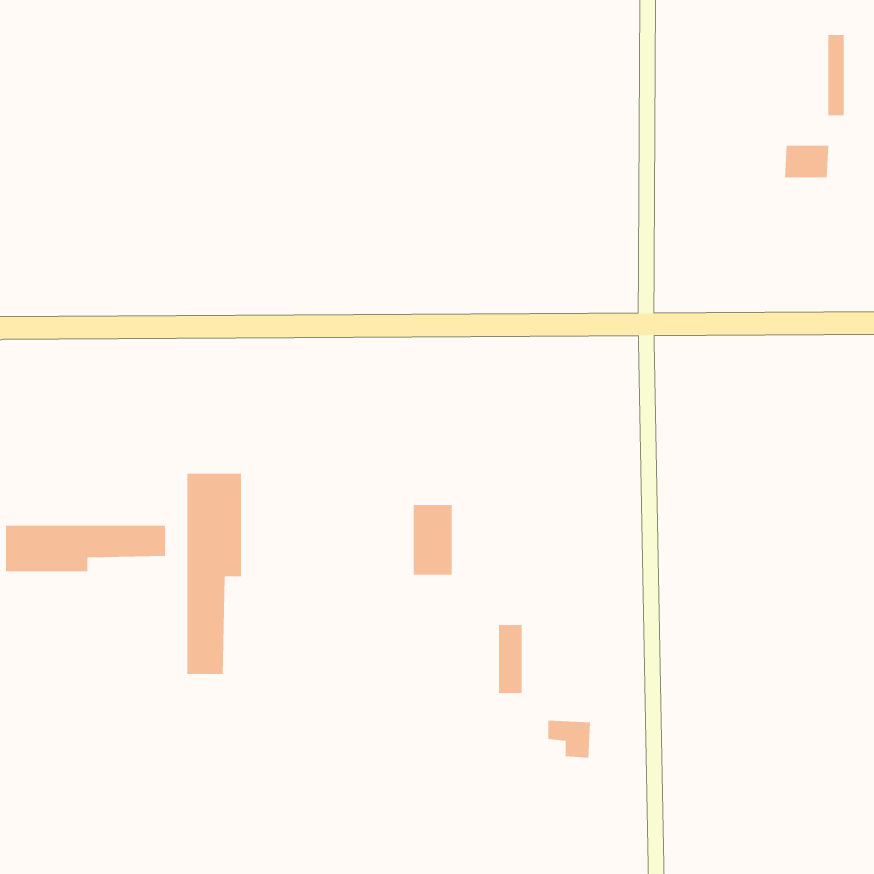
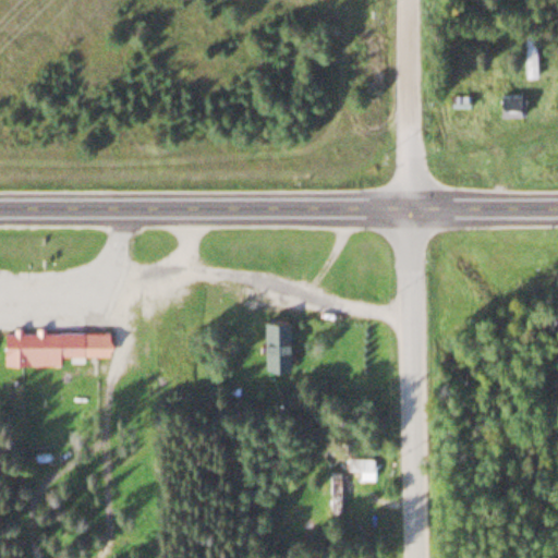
building: [187,473,241,675] -> none
building: [498,624,522,693] -> [332,475,348,519]

